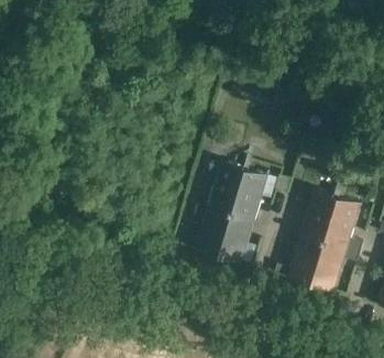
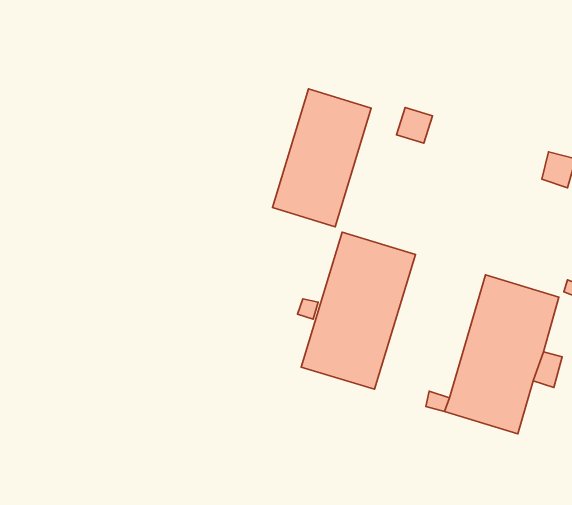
building: none -> [272,89,371,227]

